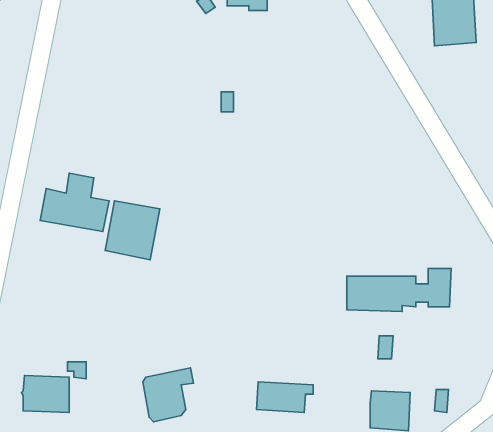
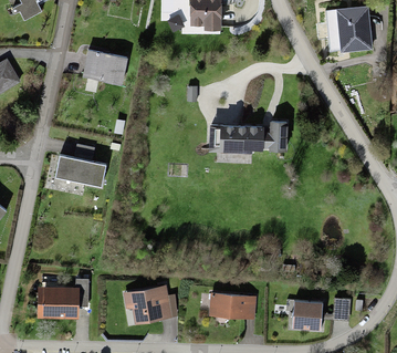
building: none -> [82,50,126,81]
building: [105,201,160,260] -> none
building: [347,269,451,311] -> [211,121,286,152]

